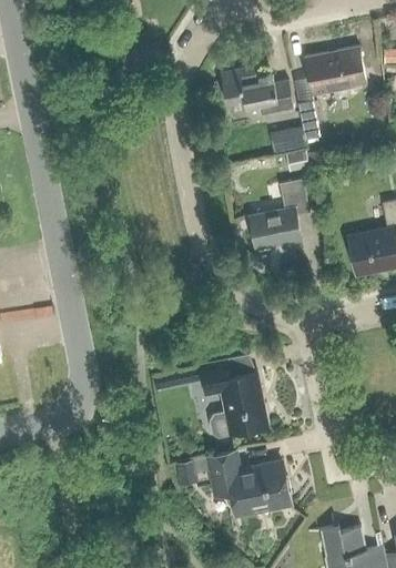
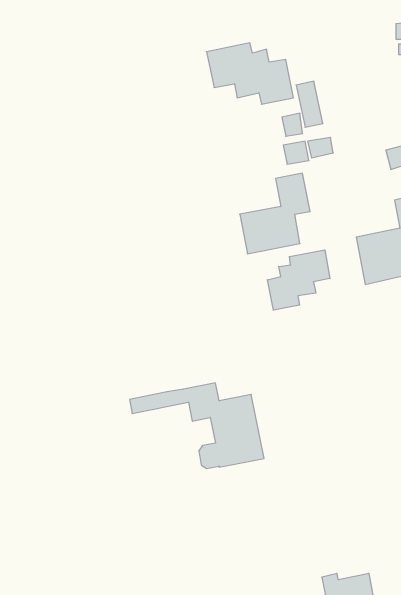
building: [303,48,365,97] -> none
building: none -> [267,250,330,310]
building: [175,453,288,517] -> none

